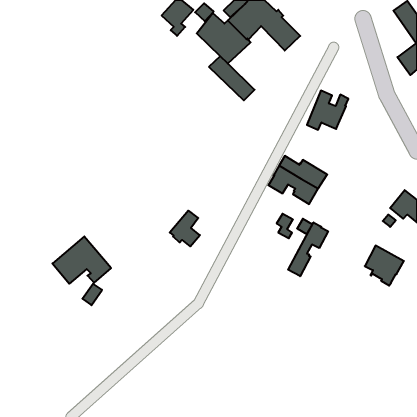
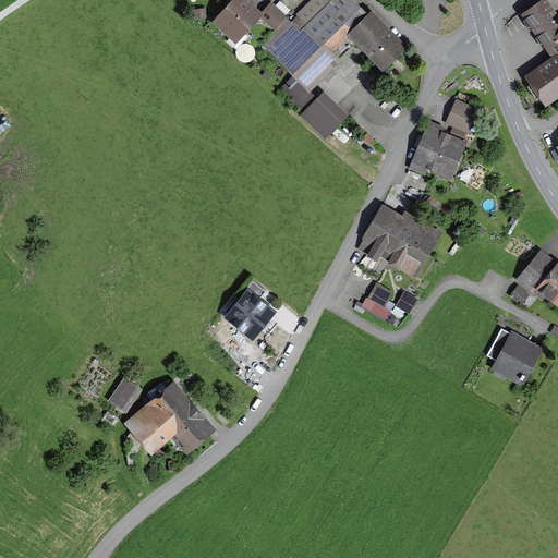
building: none -> [448,101,476,131]
building: [288,222,328,276] -> none
building: [52,236,111,284] -> [129,387,207,450]

